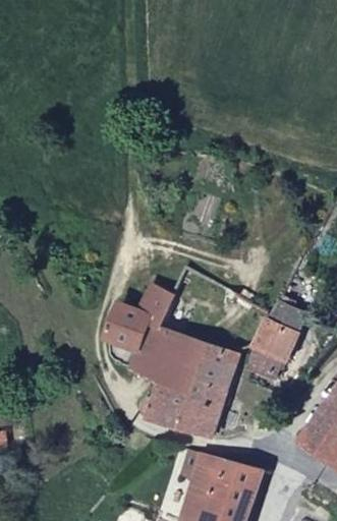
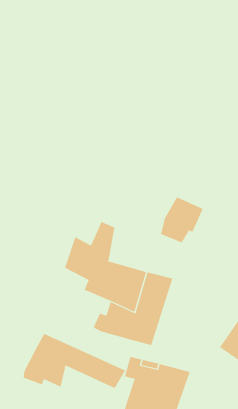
building: [247,317,301,375] -> [160,197,204,243]
building: none -> [23,333,126,389]

